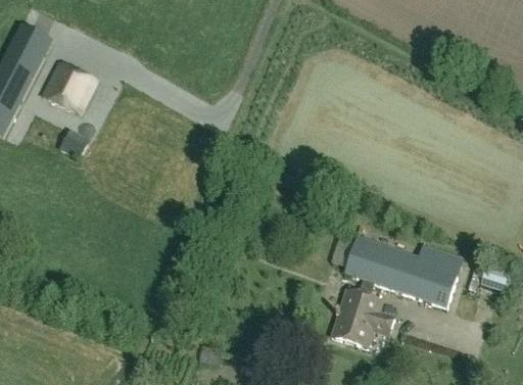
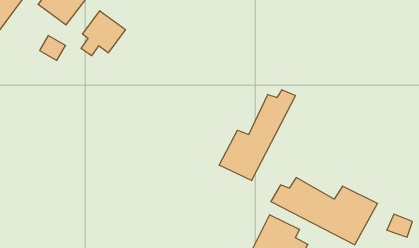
building: none -> [81,11,125,56]
building: none -> [219,90,295,181]

